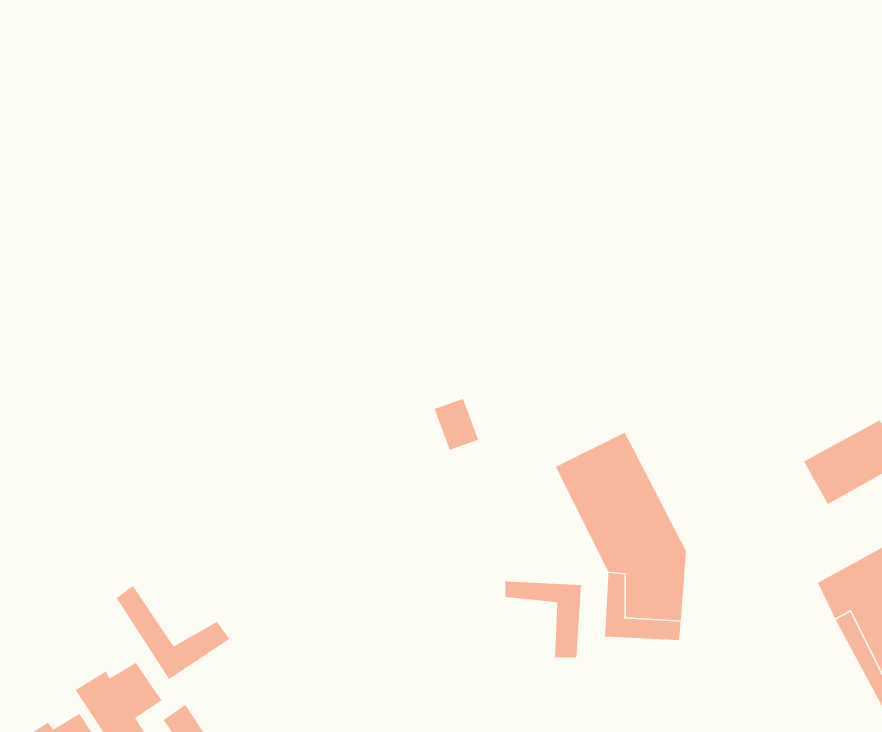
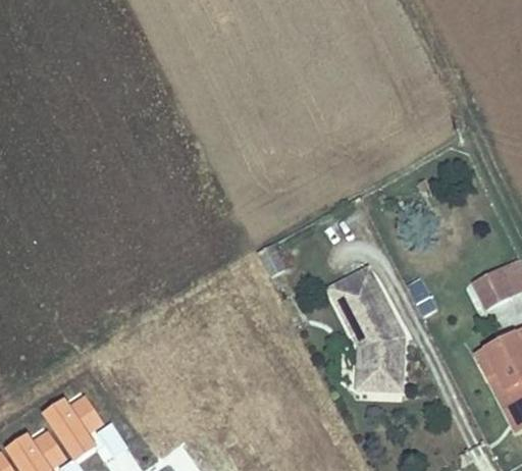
building: [505,580,582,658] -> none
building: [115,585,231,680] -> none

